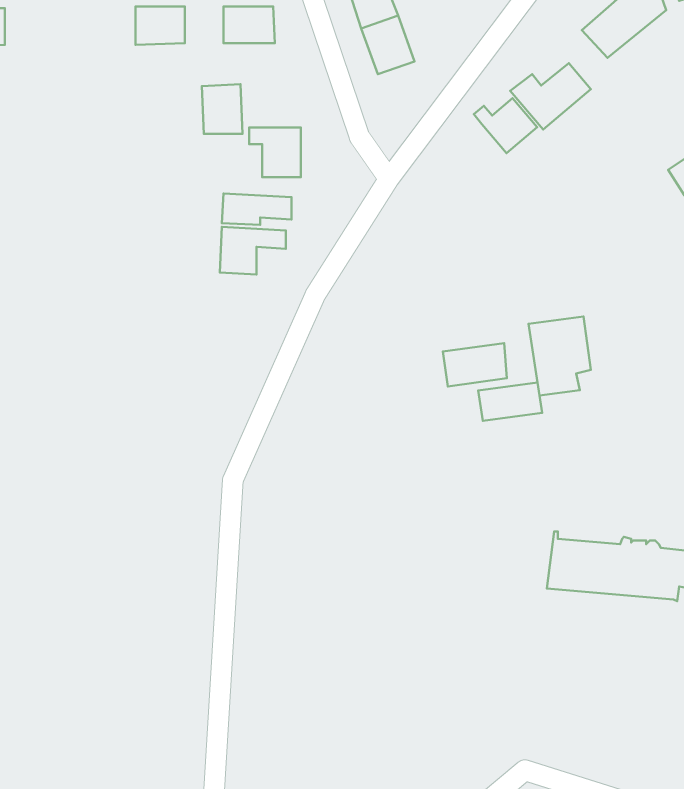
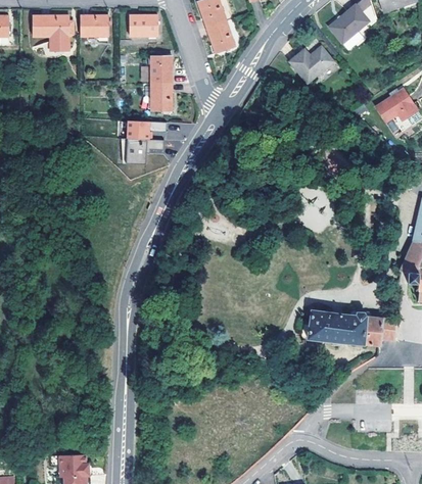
building: none -> [33,16,73,48]
building: [202,84,242,134] -> [149,55,172,83]
building: [474,98,537,153] -> none
building: [443,343,507,386] -> none
building: [478,382,542,421] -> none

